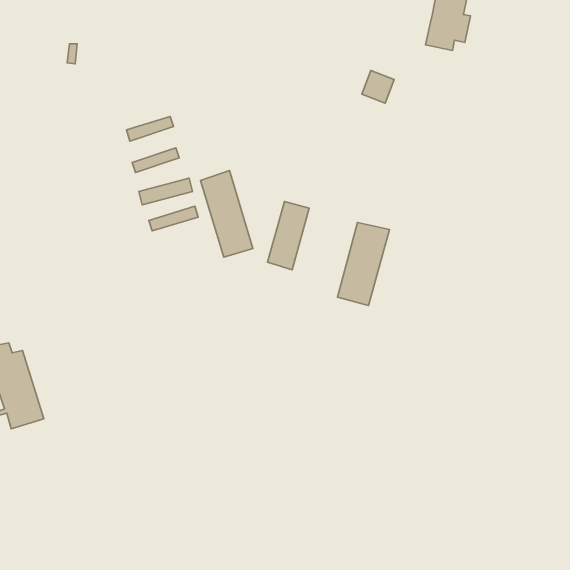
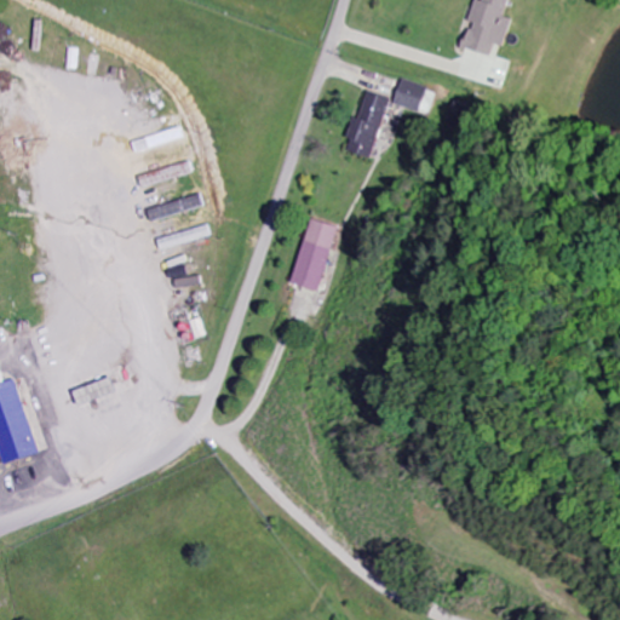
building: none -> [344,90,388,159]
building: [201,170,253,257] -> none
building: [338,222,389,306] -> none

